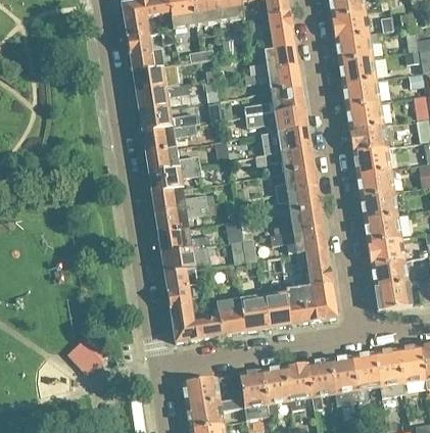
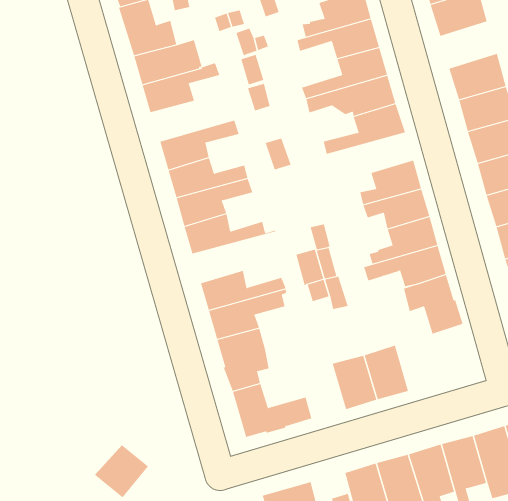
building: [343,79,381,107] -> none
building: [139,107,200,132] -> none
building: [255,147,315,172] -> none
building: [155,203,217,232] -> none
building: [286,283,338,324] -> none
building: [218,298,246,334] -> none

